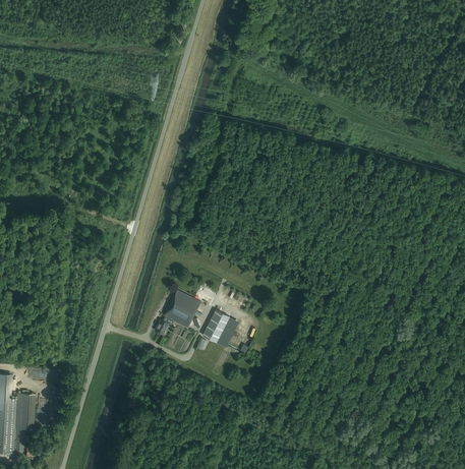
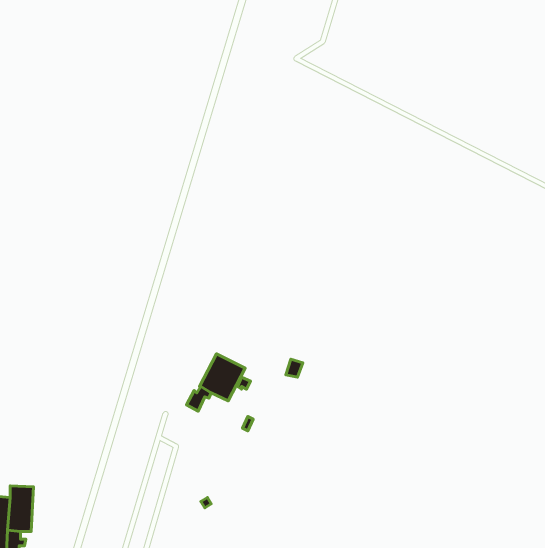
building: [201,309,229,342] -> none

